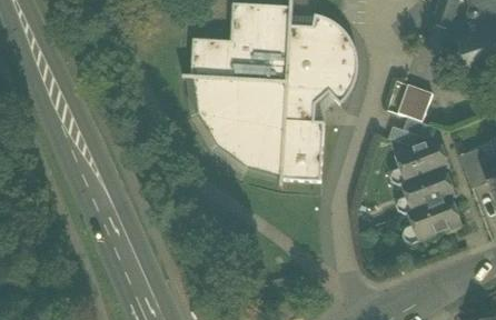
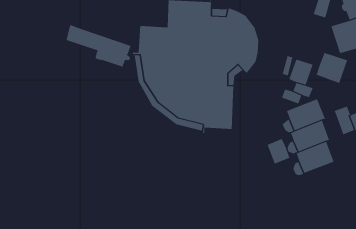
building: none -> [66,24,131,68]
building: none -> [316,52,348,84]
building: none -> [267,138,290,164]

